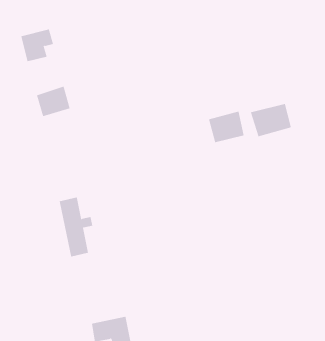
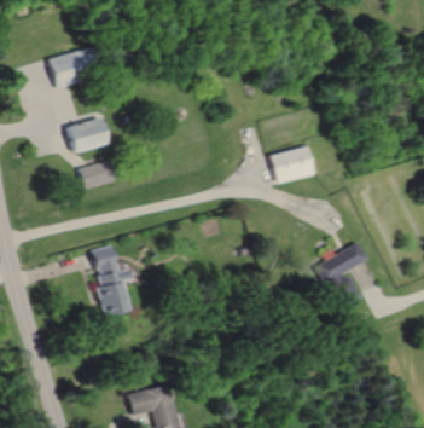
building: [250,103,291,137] -> none
building: none -> [80,160,112,189]
building: none -> [315,242,366,307]

